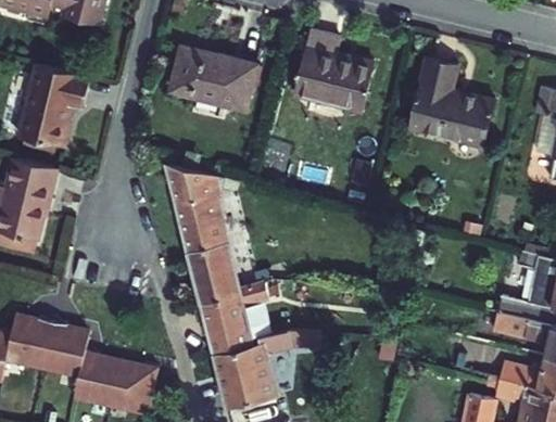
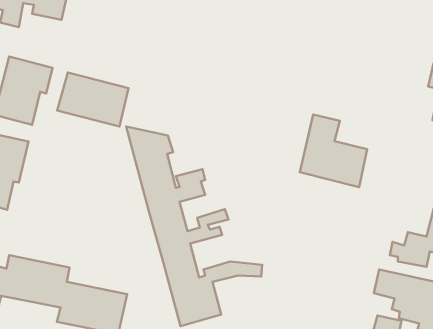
building: [292,29,374,111] -> none
building: [169,42,256,108] -> [57,72,128,126]
building: [413,55,495,144] -> [300,115,367,187]

